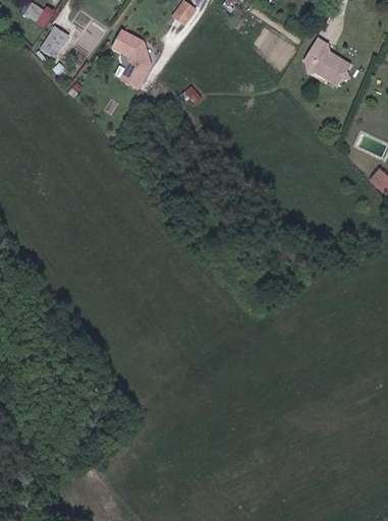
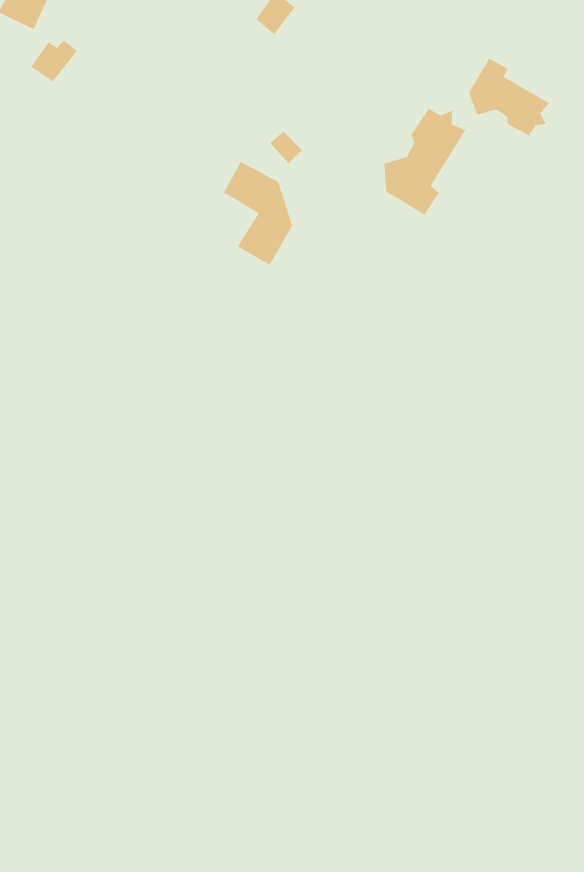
building: [111,25,152,86] -> [223,161,293,266]
building: none -> [384,108,466,215]

